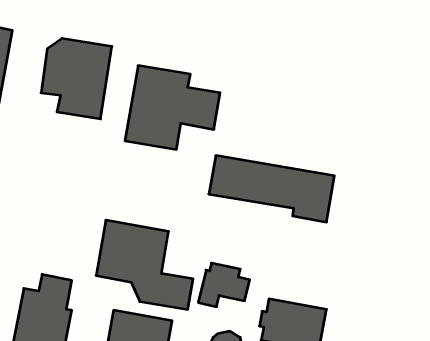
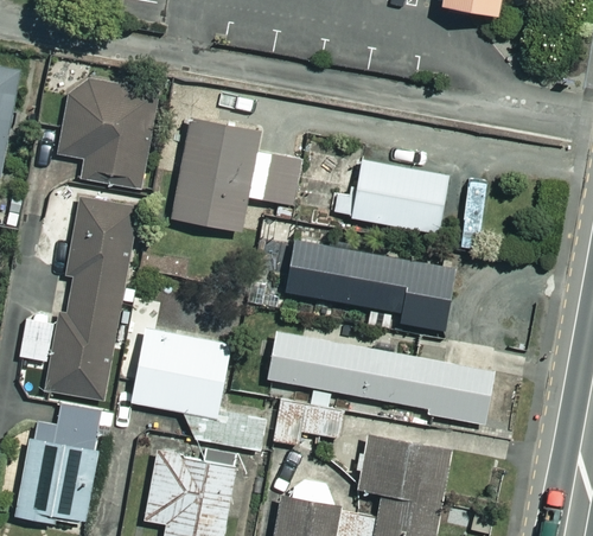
building: none -> [332,160,449,234]
building: none -> [17,196,138,401]
building: none -> [268,330,493,425]

